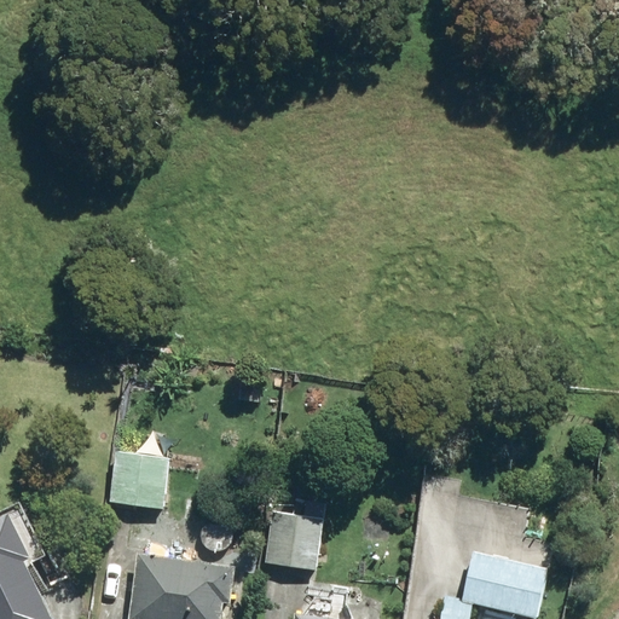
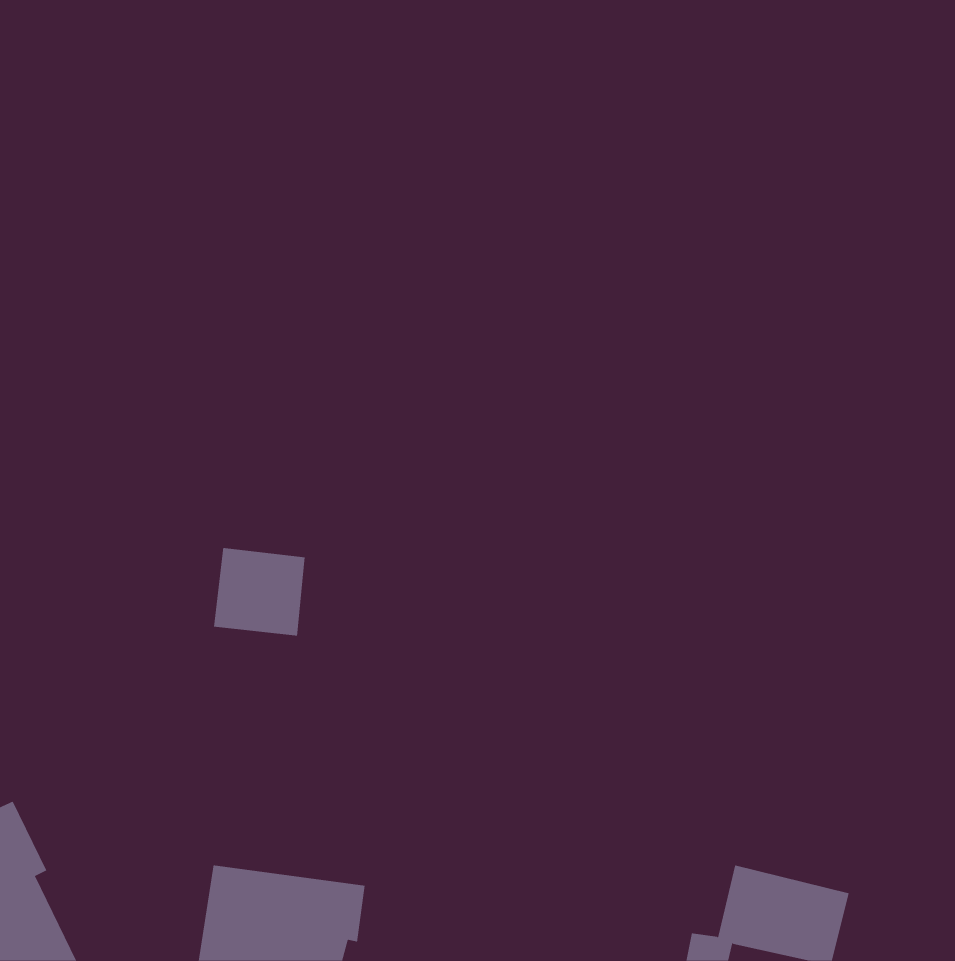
building: [110,452,169,509] -> [213,548,305,636]
building: [265,513,323,569] -> none

